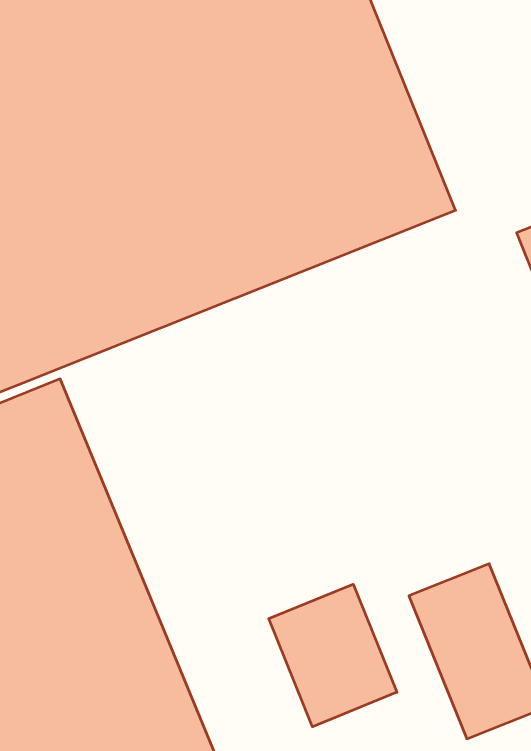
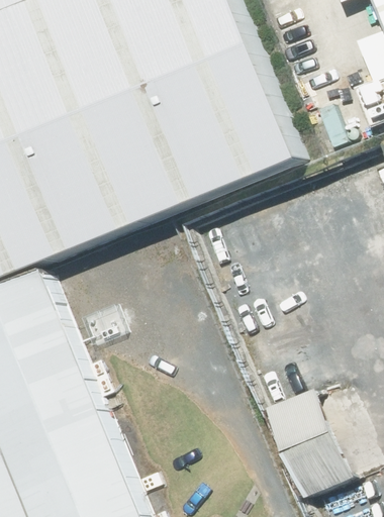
building: [269,584,397,727] -> none

